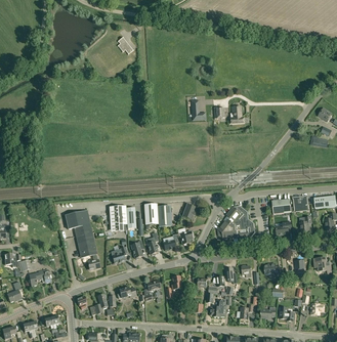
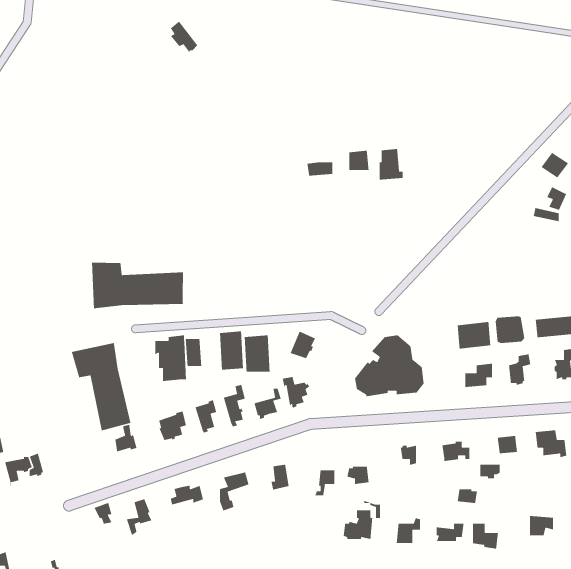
building: none -> [91,262,184,309]

